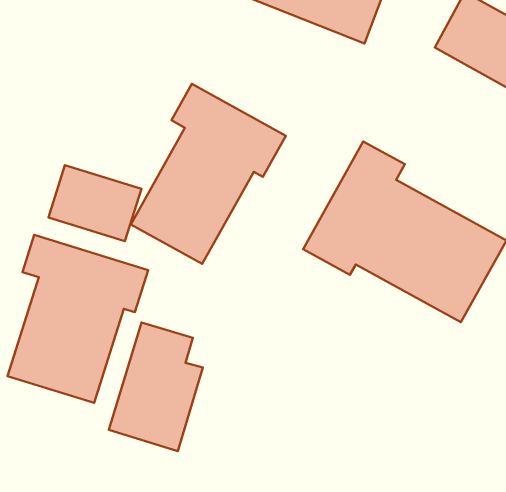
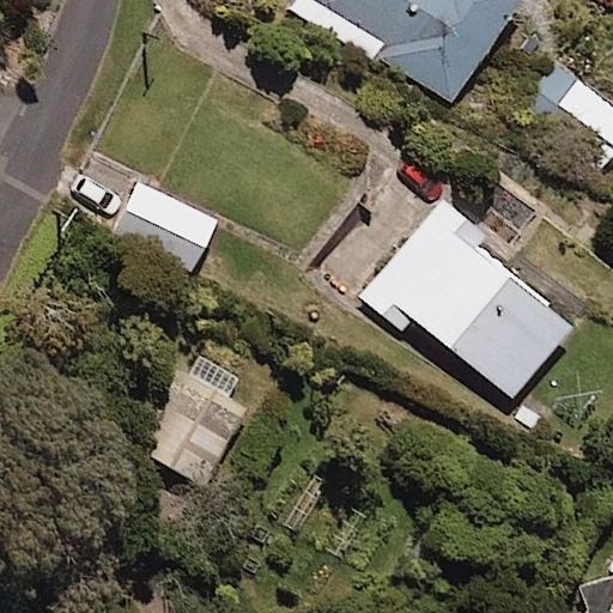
building: [131,84,286,264] -> none
building: [7,235,148,403] -> none

